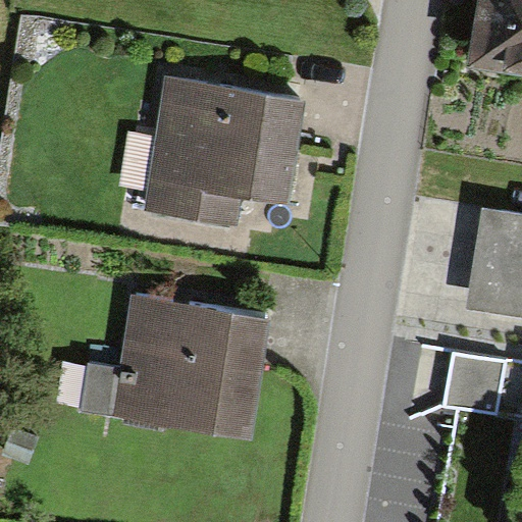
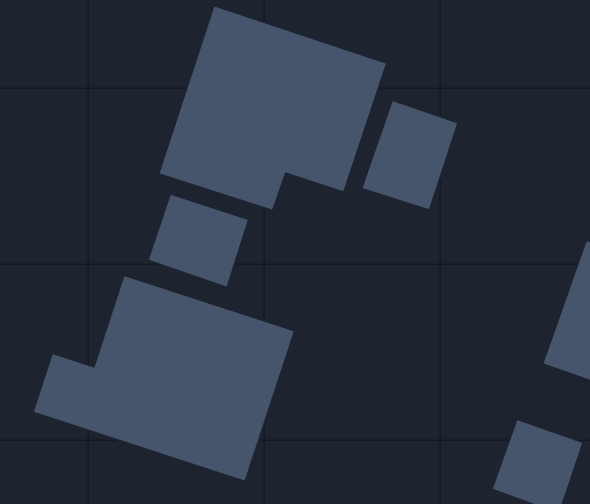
building: none -> [361,100,458,210]
building: none -> [148,194,249,288]

